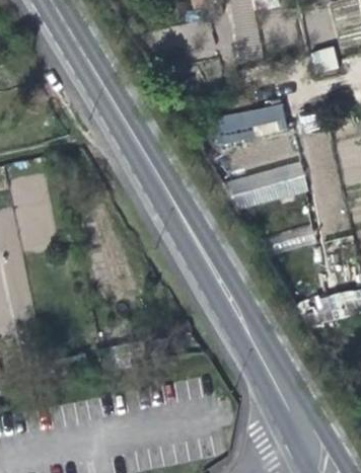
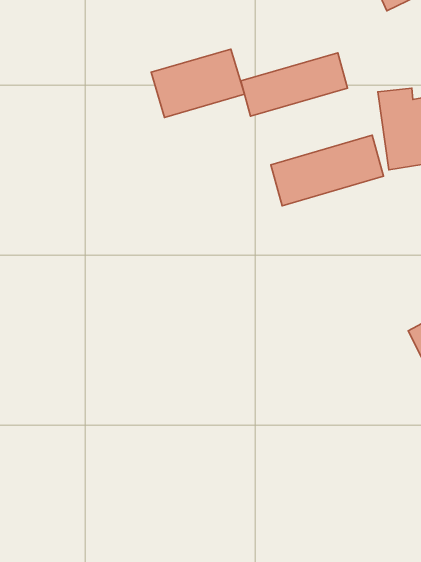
building: none -> [151,49,244,117]

